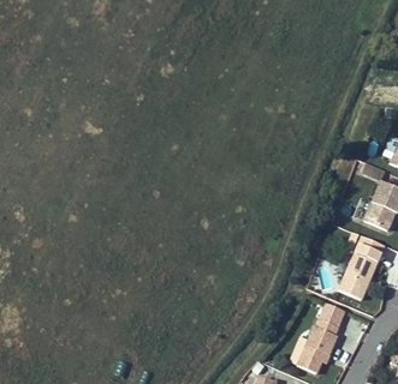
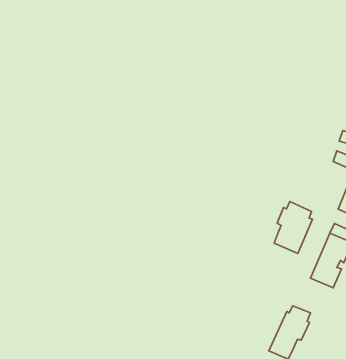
building: none -> [274,202,312,254]

